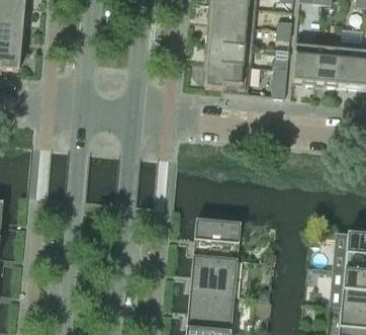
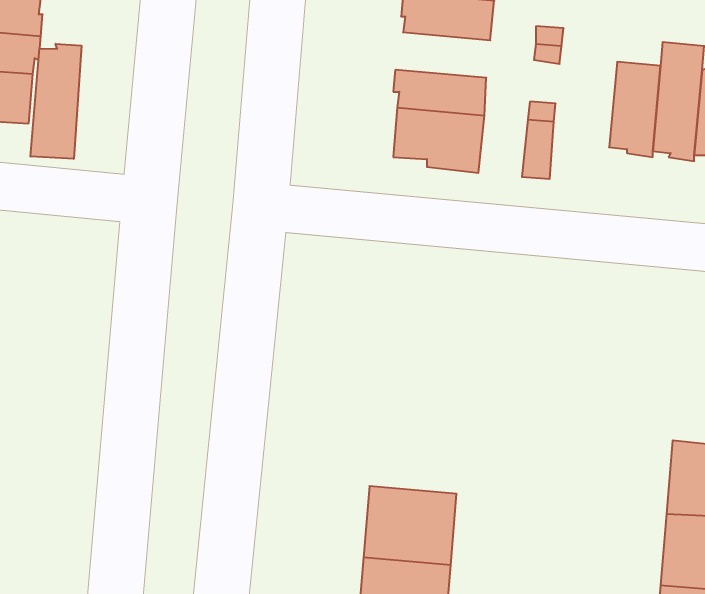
building: [205,23,254,47] -> none
building: none -> [31,44,81,159]
building: [291,36,318,85] -> none
building: [192,219,240,259] -> none

